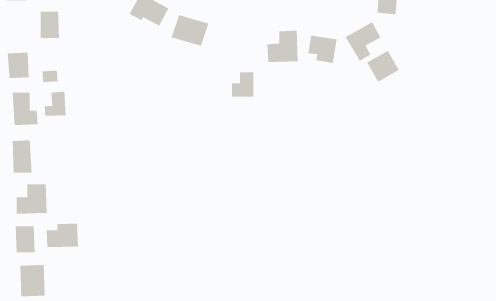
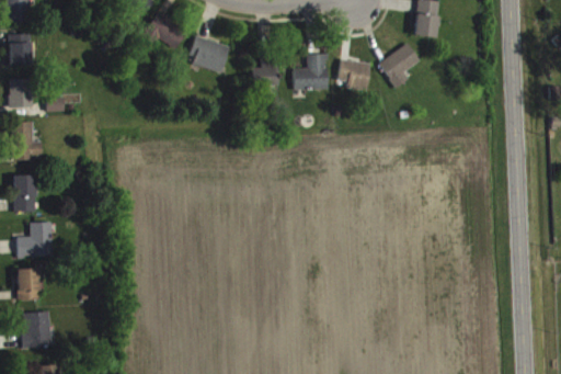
building: [40,11,60,39] -> [9,34,31,65]
building: [366,50,400,83] -> none
building: [231,71,254,97] -> [250,56,275,84]
building: [44,91,67,117] -> none
building: [46,223,79,248] -> none

